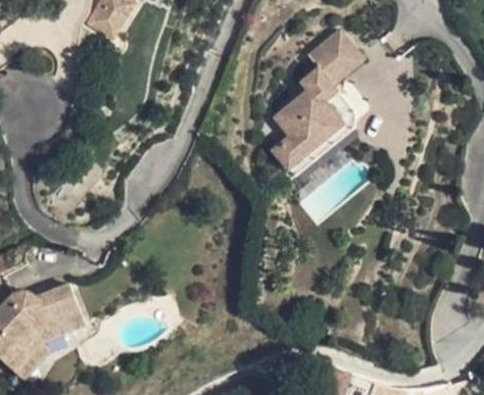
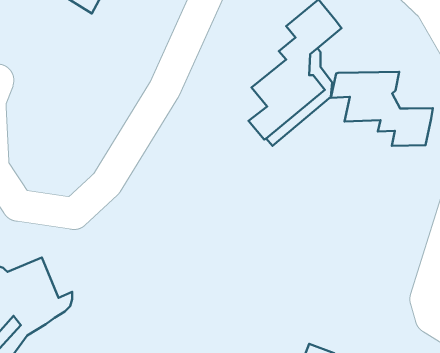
building: none -> [331,72,433,146]

